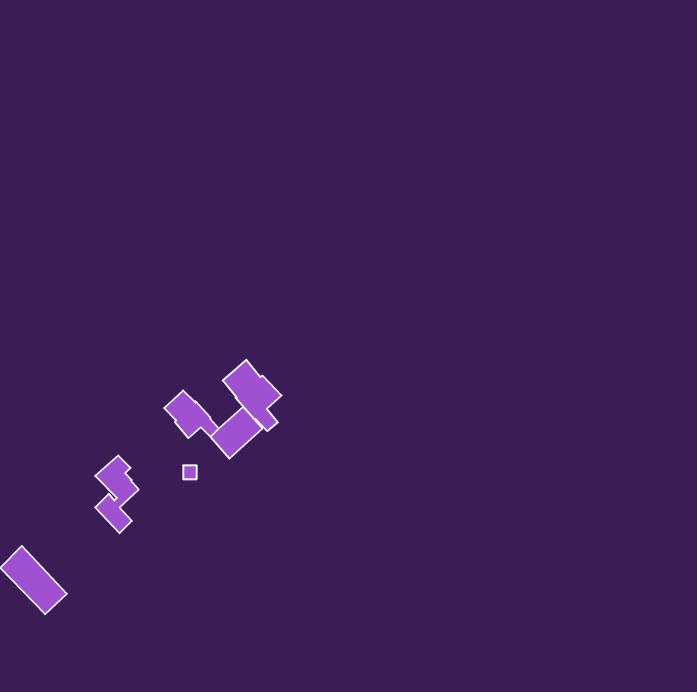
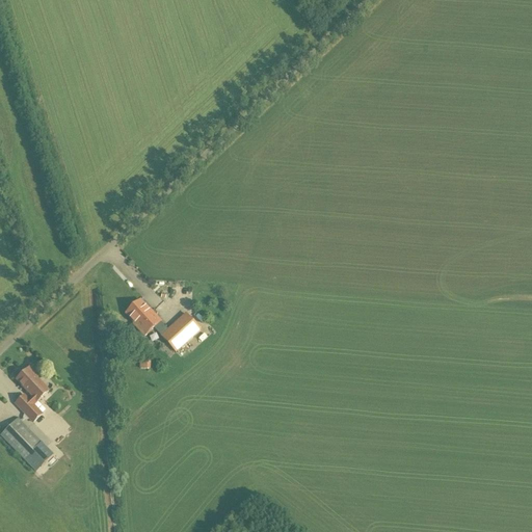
building: [223,360,282,431] -> none
building: [95,455,139,533] -> [14,362,47,421]

